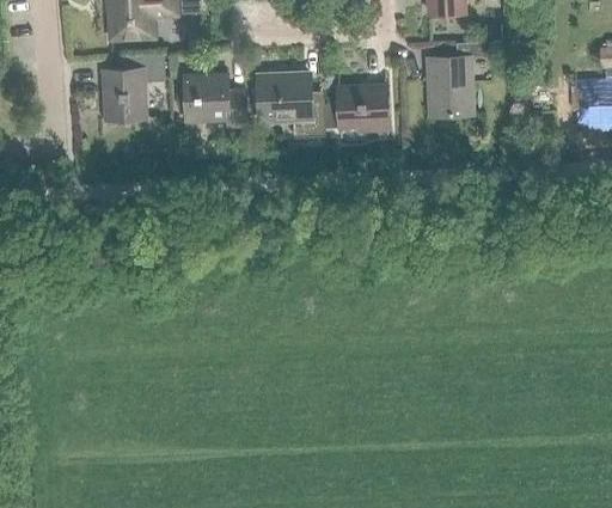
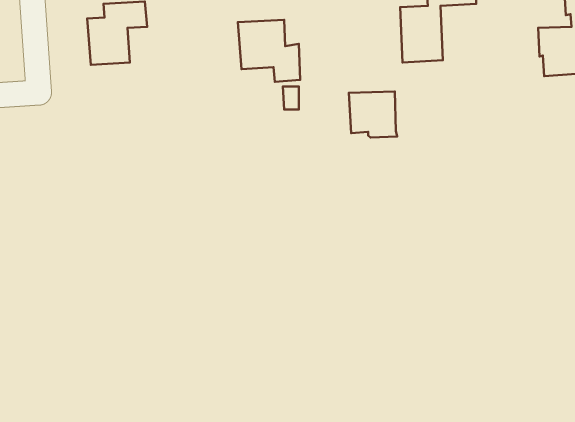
building: [182,75,246,128] -> none
building: [336,84,386,131] -> [349,92,397,138]

